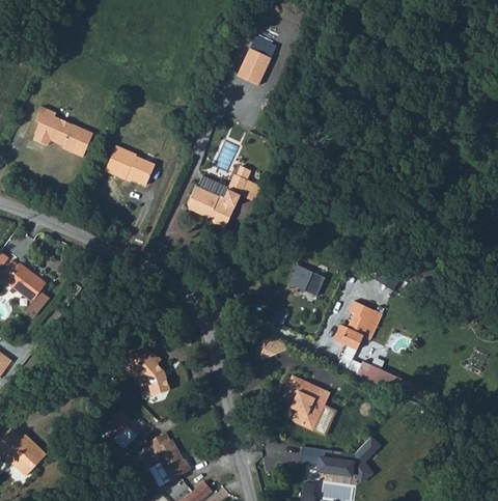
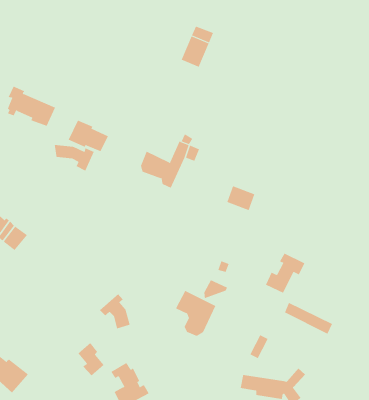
building: none -> [54,144,95,171]
building: [294,268,328,298] -> [227,186,255,211]
building: [279,374,328,429] -> [175,290,216,336]

